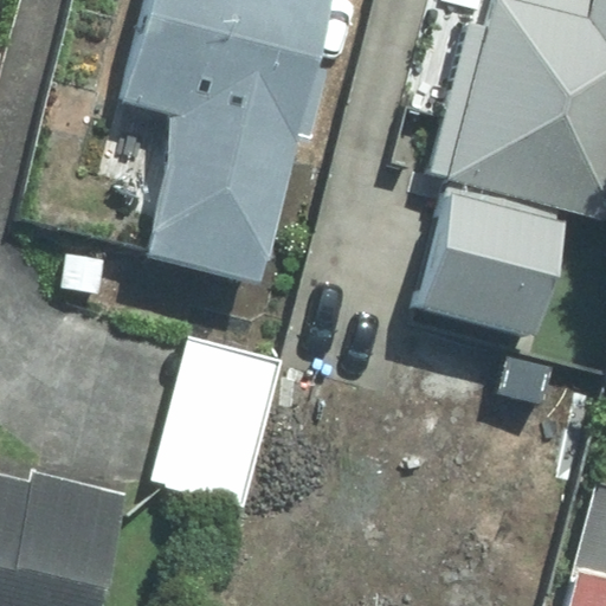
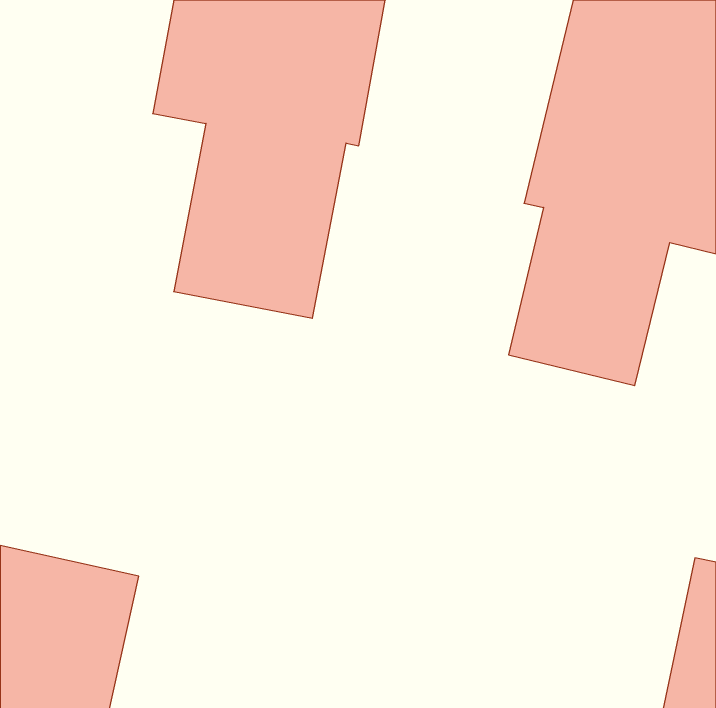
building: [156,334,283,505] -> none

